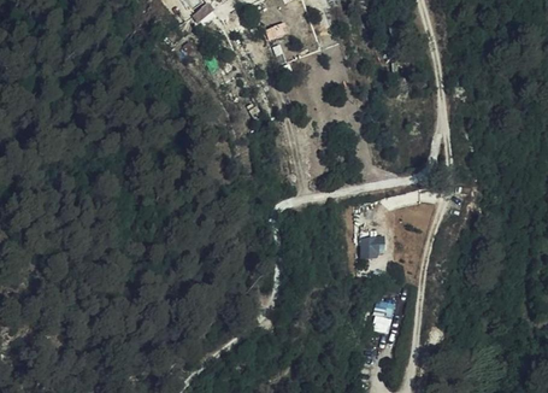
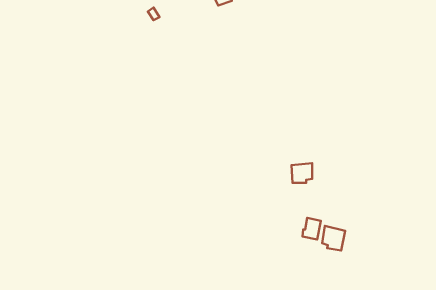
building: none -> [322,226,345,250]

